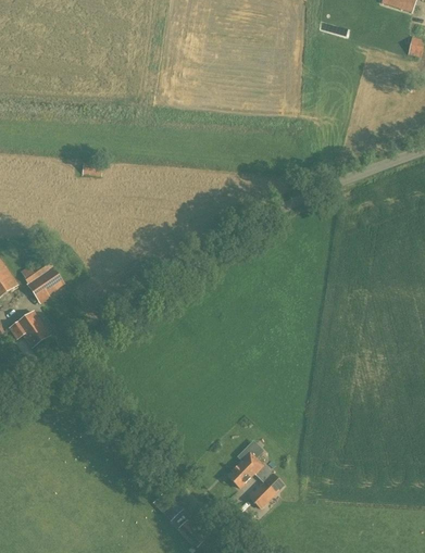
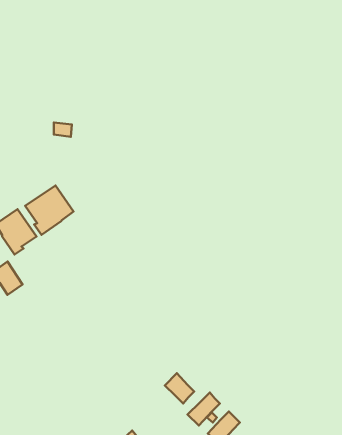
building: none -> [25,186,73,235]
building: none -> [165,373,194,403]

